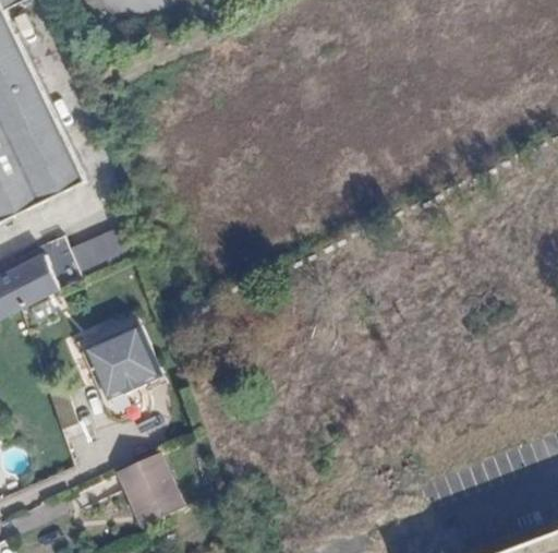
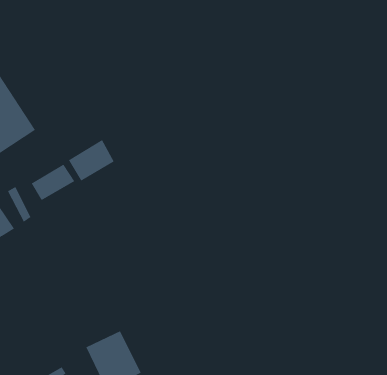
building: none -> [68,139,114,182]
building: [83,326,162,407] -> none

